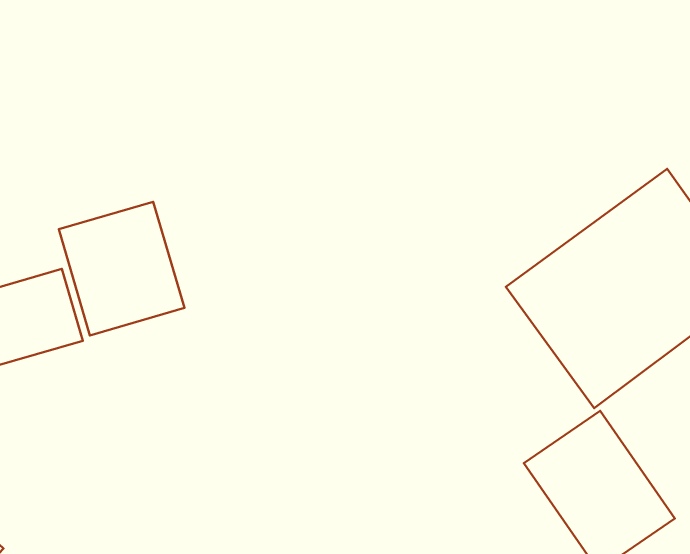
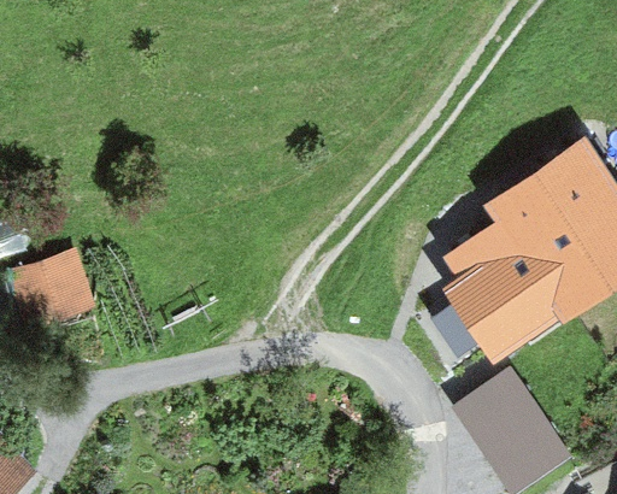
building: [59,202,184,335] -> none

